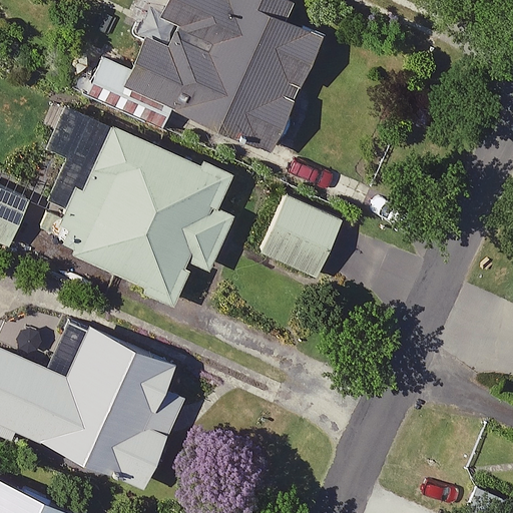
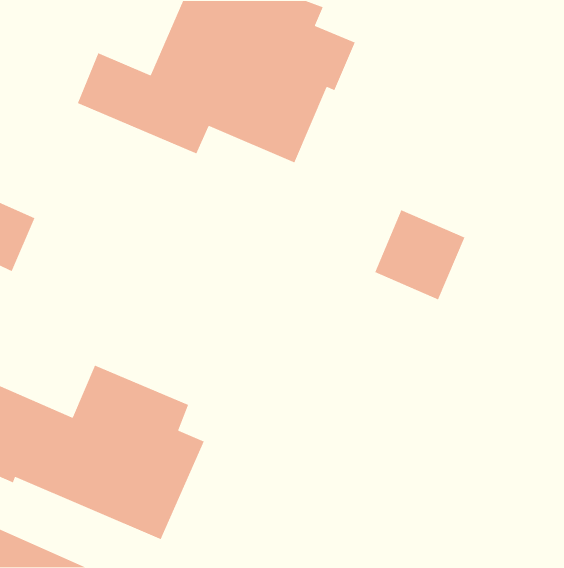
building: [54,124,232,298] -> none
building: [259,194,341,277] -> [374,209,465,300]

